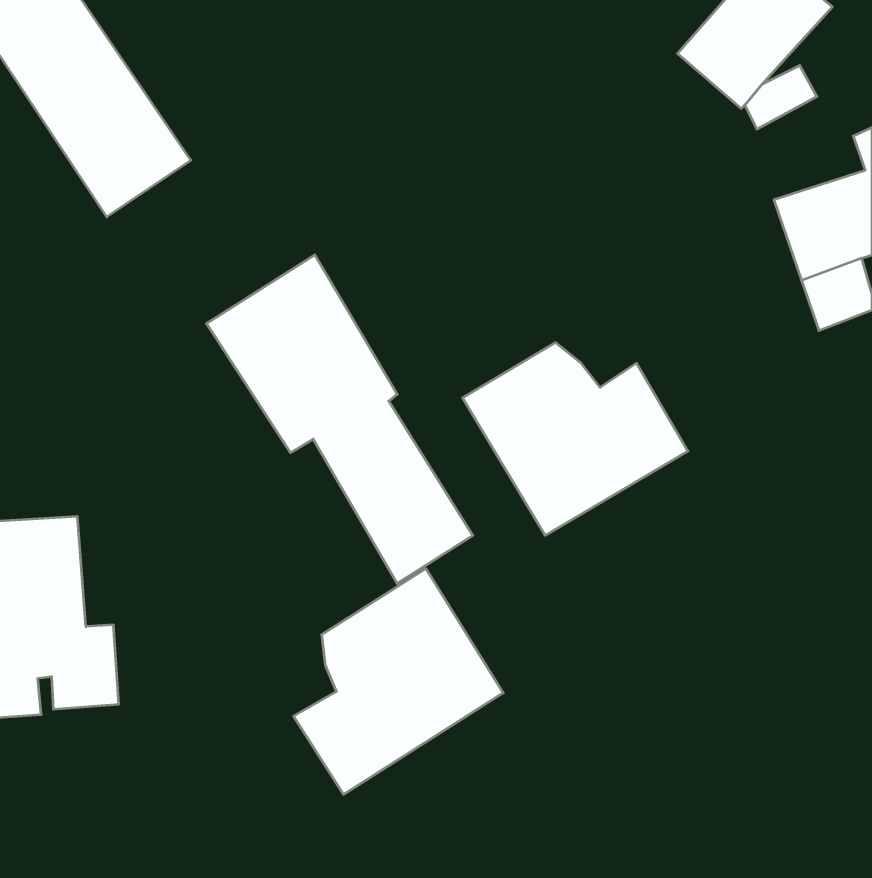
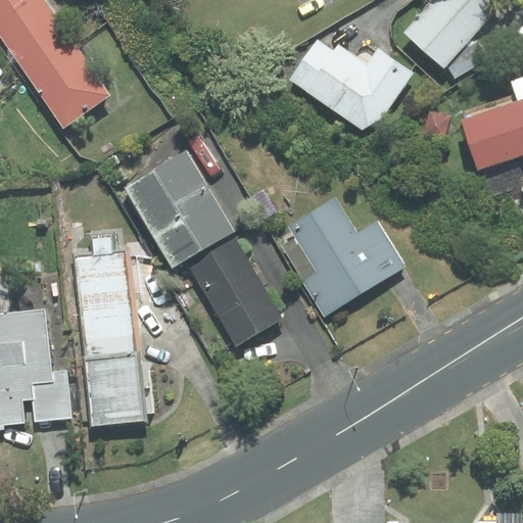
building: none -> [287,38,409,128]
building: none -> [76,246,154,428]
building: [294,569,503,794] -> none

